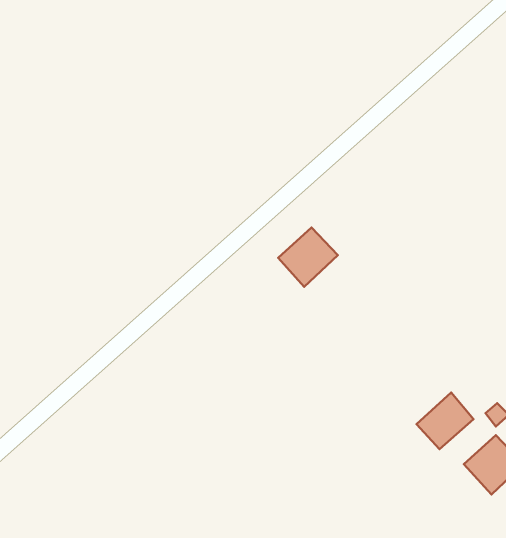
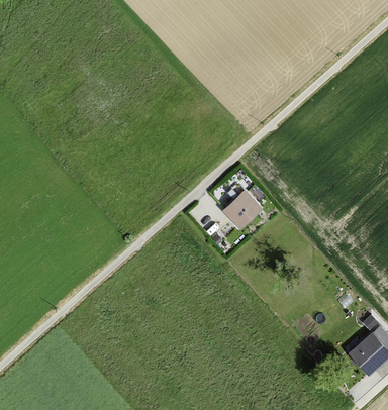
building: [416,393,474,449] -> none

